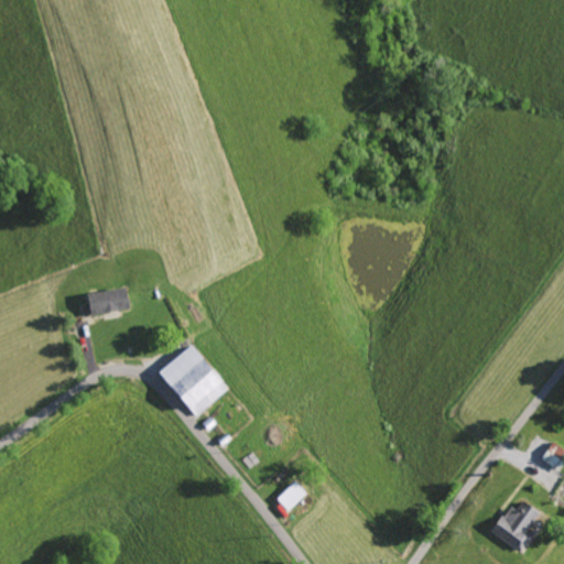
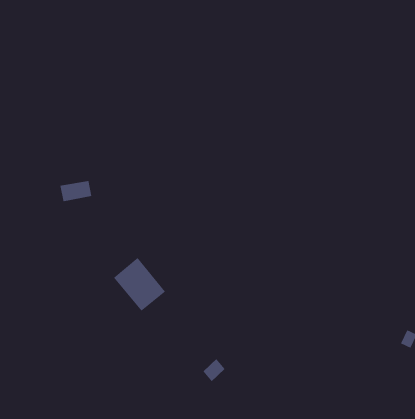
building: [87,286,131,315] -> [59,181,92,202]
building: [492,501,540,549] -> none

